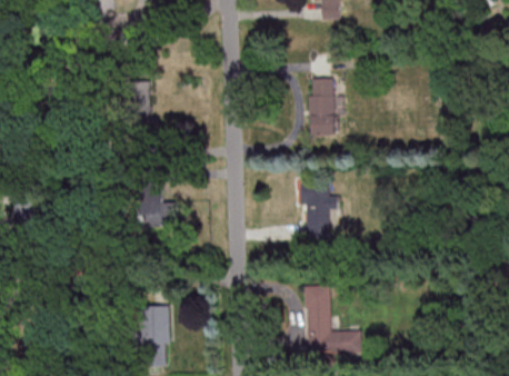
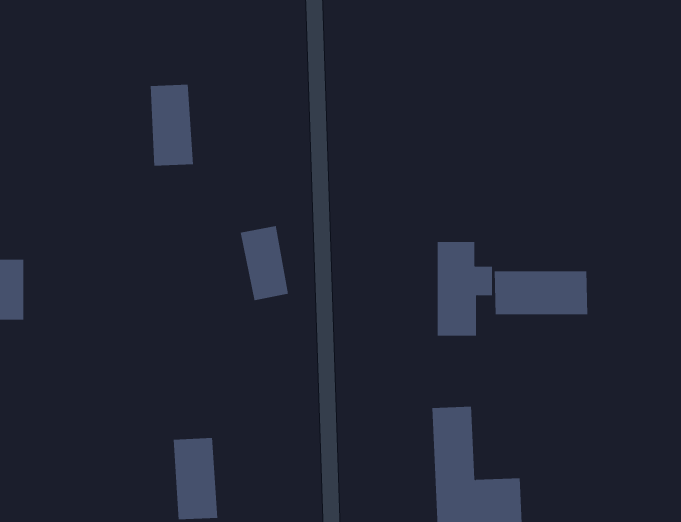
building: [309,79,335,135] -> none
building: [141,181,172,229] -> [240,225,289,301]
building: none -> [494,270,588,315]

